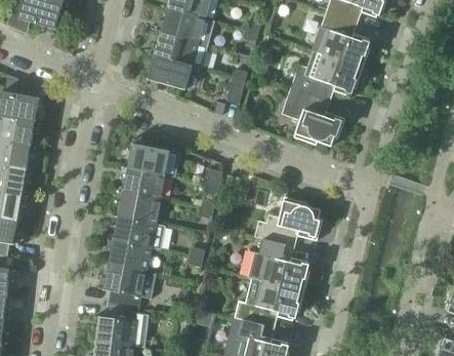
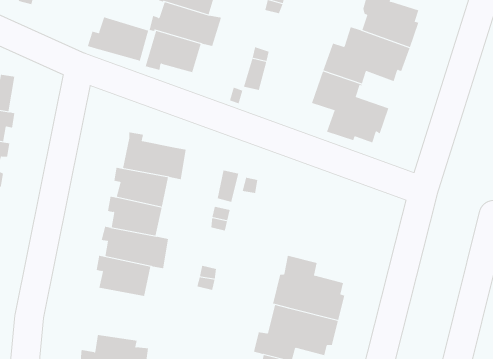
building: none -> [87,17,149,61]
building: [254,196,322,244] -> none
building: [98,265,156,308] -> none

